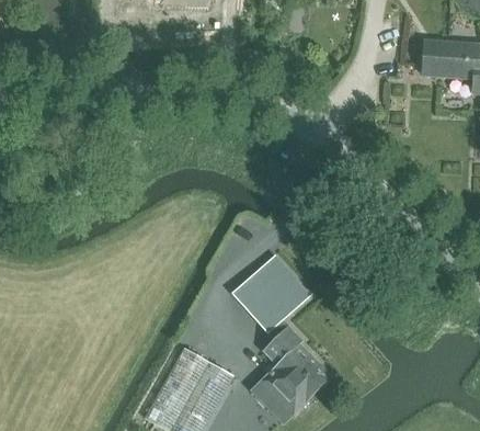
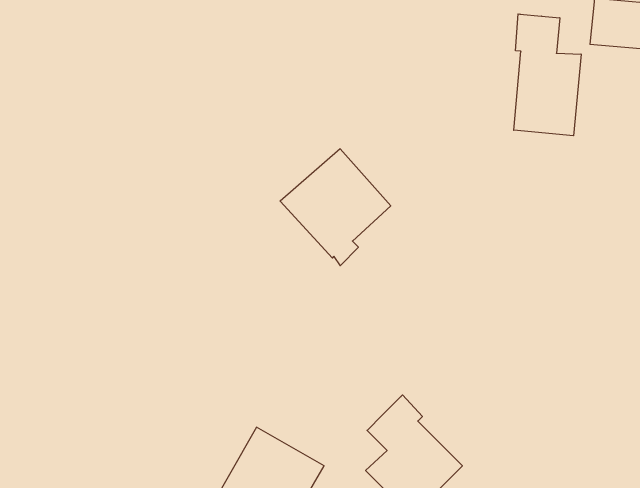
building: none -> [514,14,581,136]
building: [231,254,310,338] -> [280,149,391,266]

